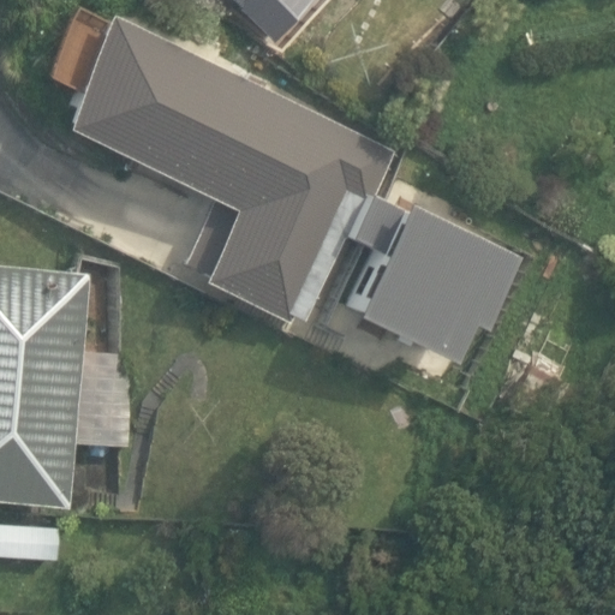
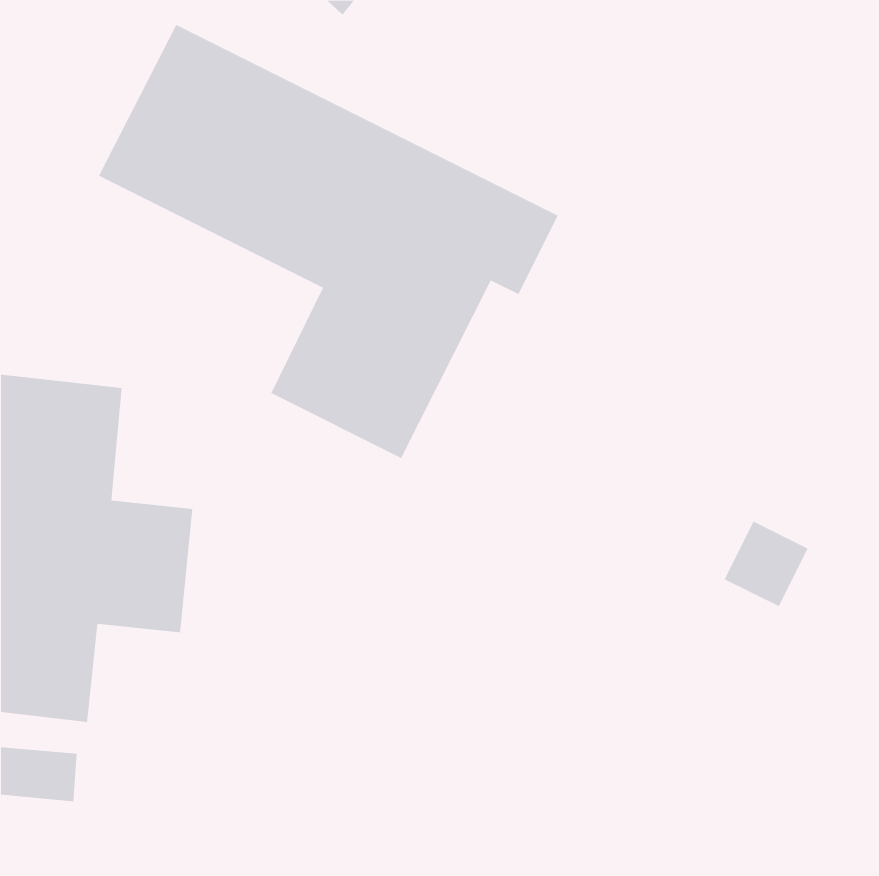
building: [339,195,523,363] -> none

